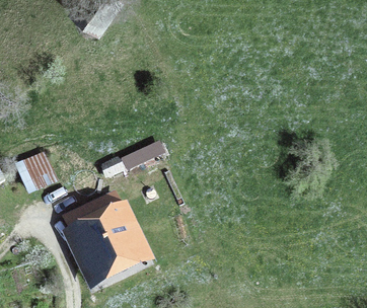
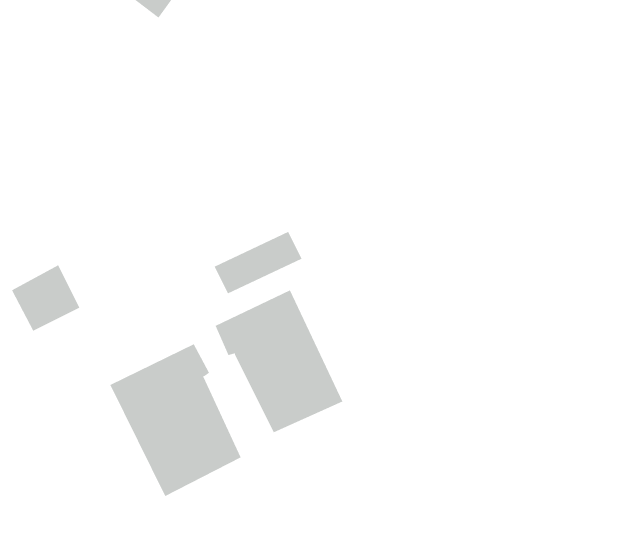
building: none -> [215,290,343,433]

